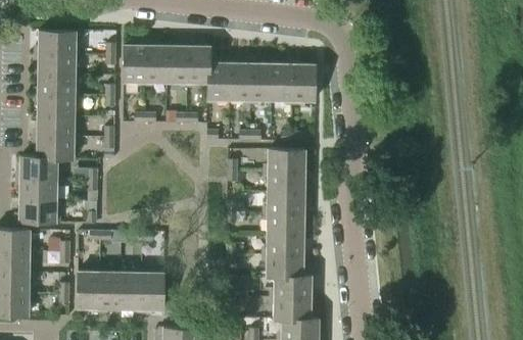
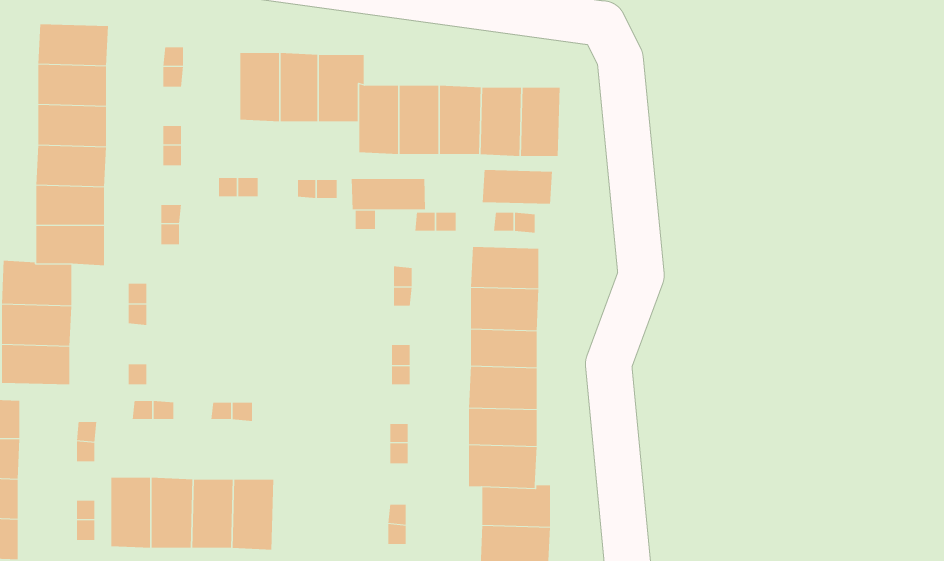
building: [125,46,146,82] -> none
building: none -> [482,169,552,205]
building: none -> [351,178,426,210]

